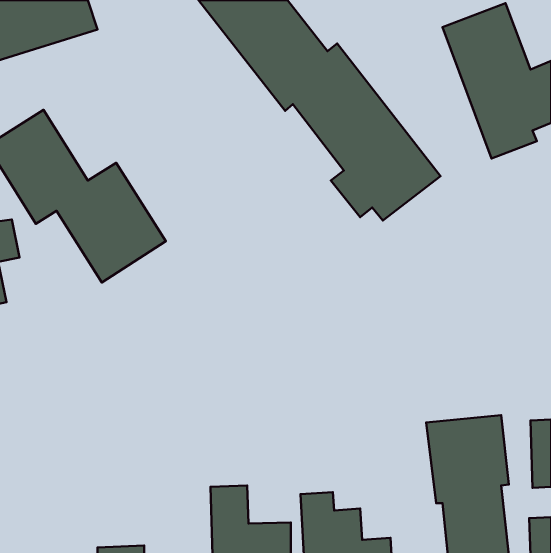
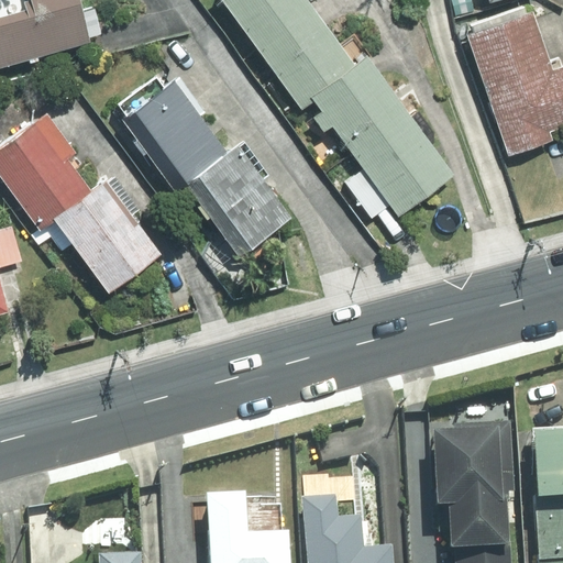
building: none -> [141,75,296,241]

